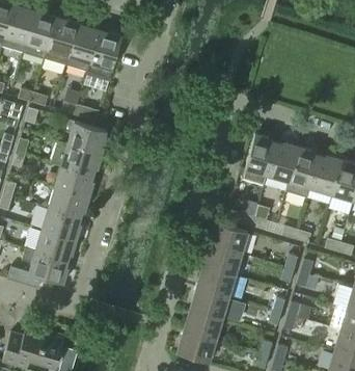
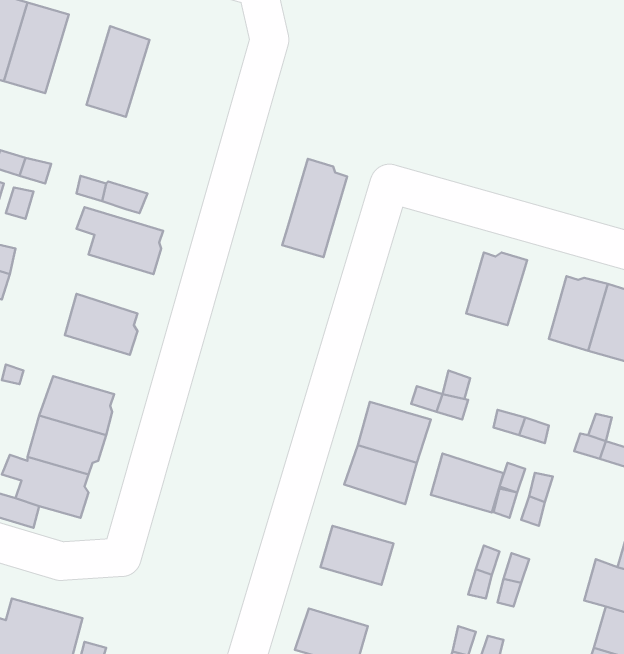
building: [45,18,79,65] -> none
building: [87,31,121,79] -> none
building: [242,134,276,186] -> [282,159,347,257]
building: [50,140,102,176] -> none
building: [285,148,320,200] -> none
building: [49,187,89,218] -> none
building: [196,266,235,297] -> [431,454,504,513]
building: [184,310,222,341] -> none

